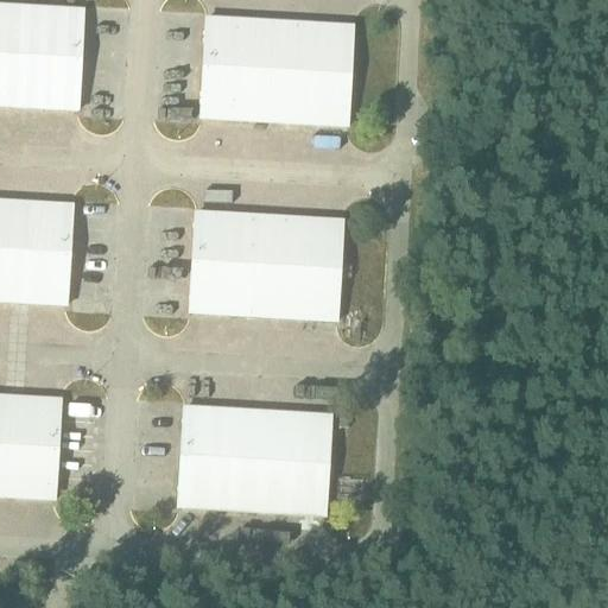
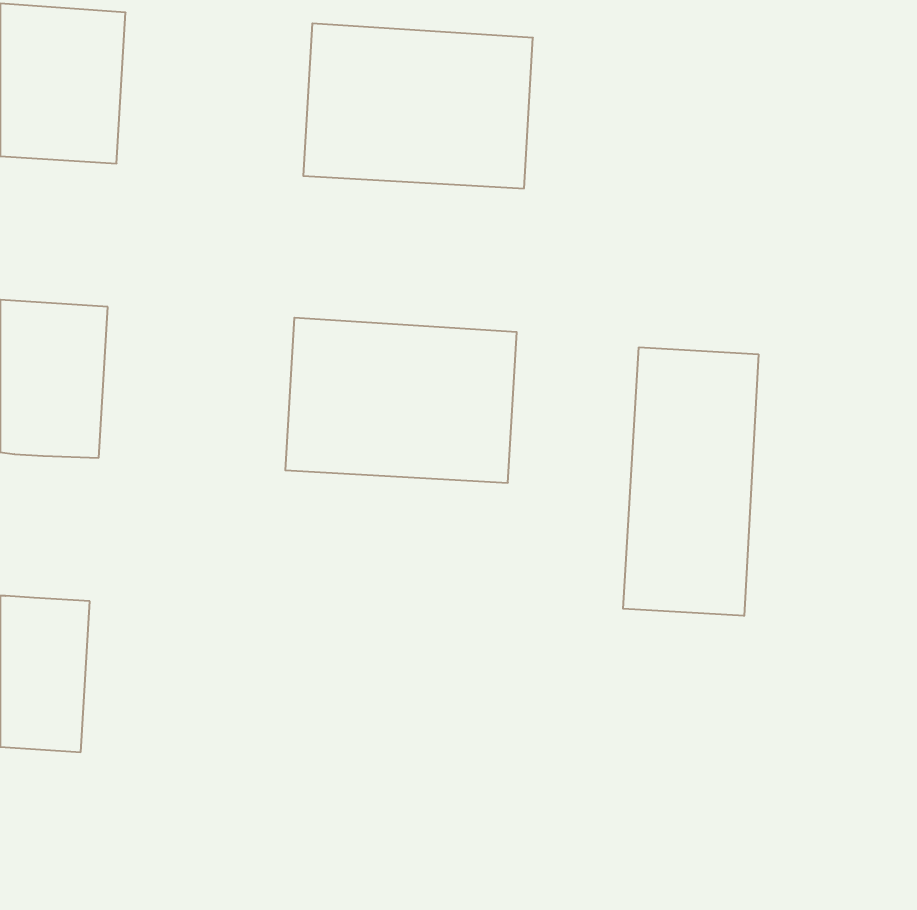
building: none -> [623,347,758,616]
building: [178,405,330,514] -> none

